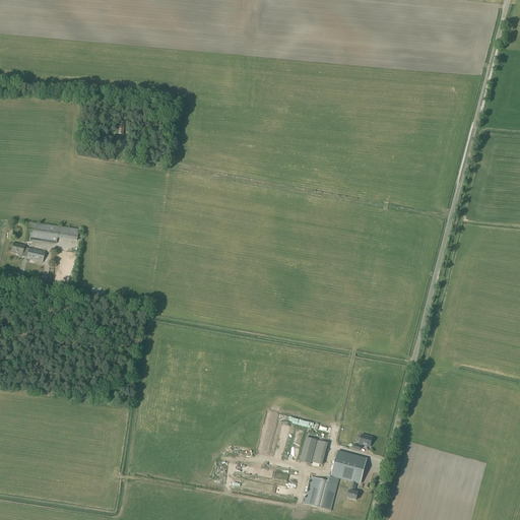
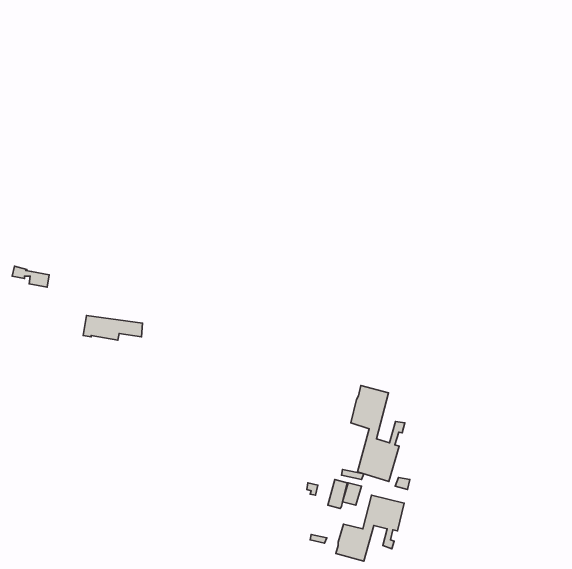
building: [24,220,78,243] -> [83,315,143,340]
building: none -> [351,386,405,481]

